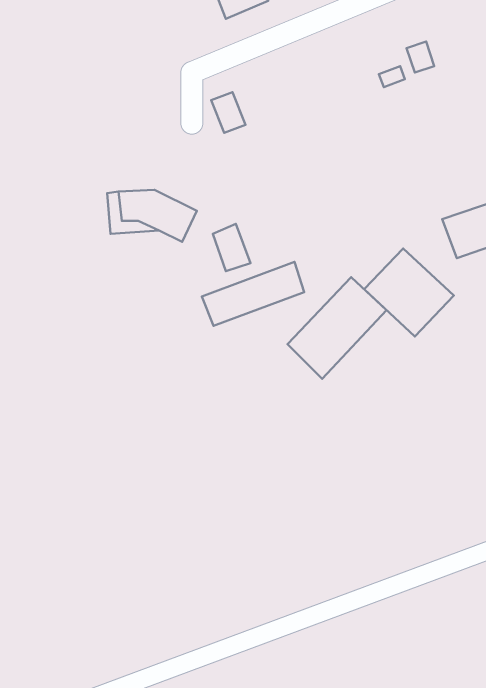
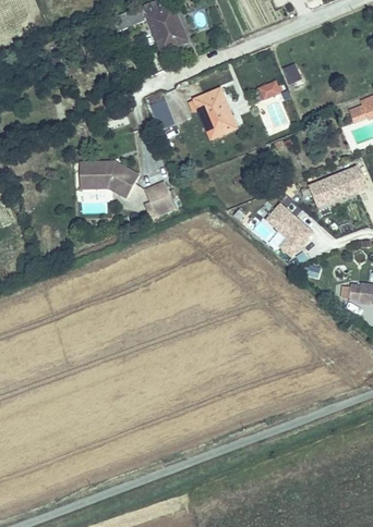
building: none -> [193,87,233,135]
building: [202,262,304,326] -> none
building: [287,277,387,379] -> none

